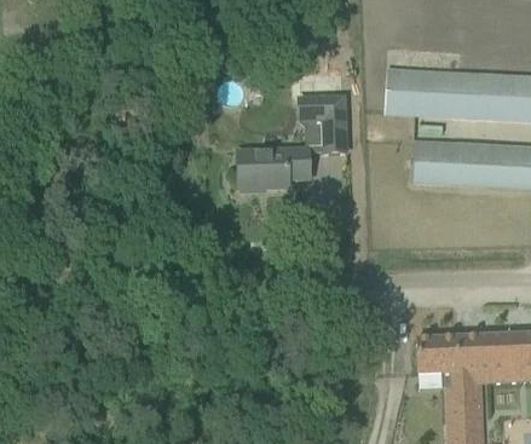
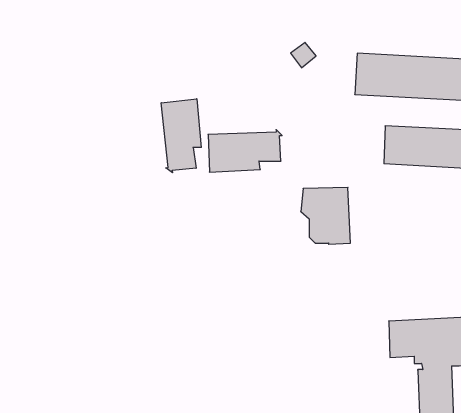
building: [298,96,347,152] -> [301,187,350,244]
building: none -> [161,99,201,173]

